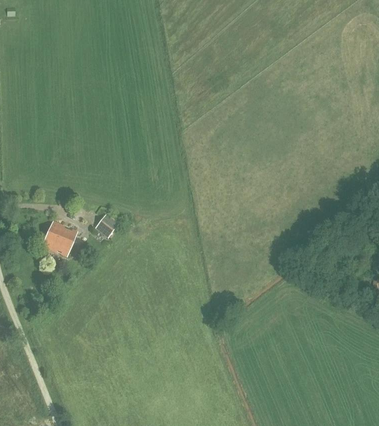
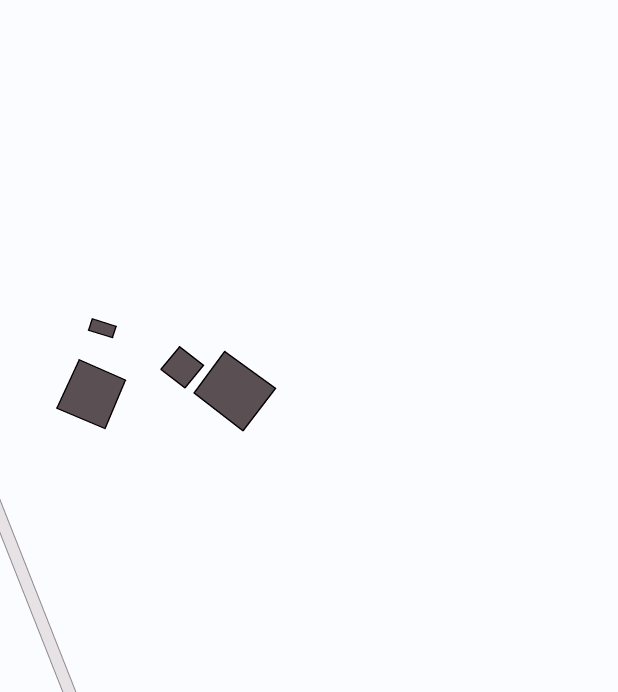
building: none -> [194,351,276,431]

